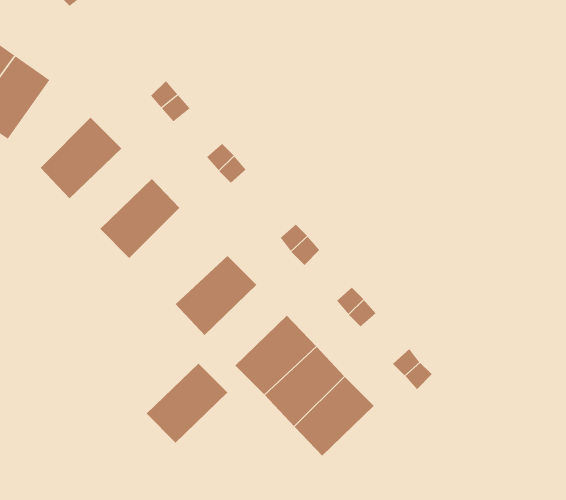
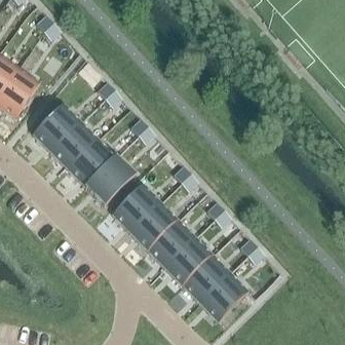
building: none -> [50,122,99,169]
building: none -> [85,157,133,205]
building: [146,363,228,443] -> [129,202,178,250]
building: none -> [198,273,247,321]

